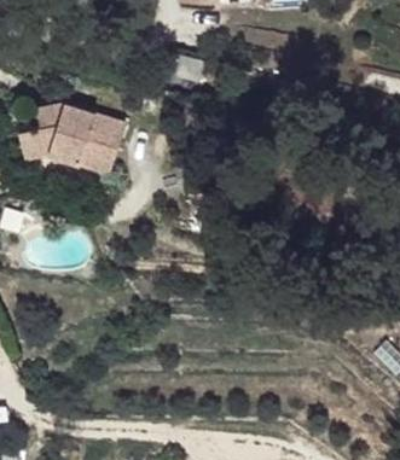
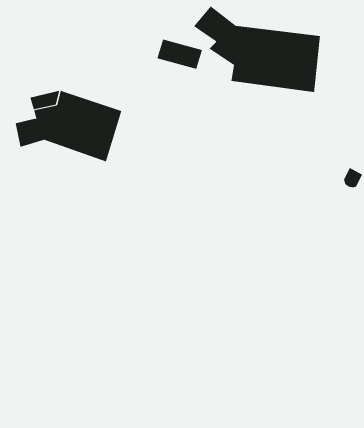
building: none -> [193,6,321,93]

